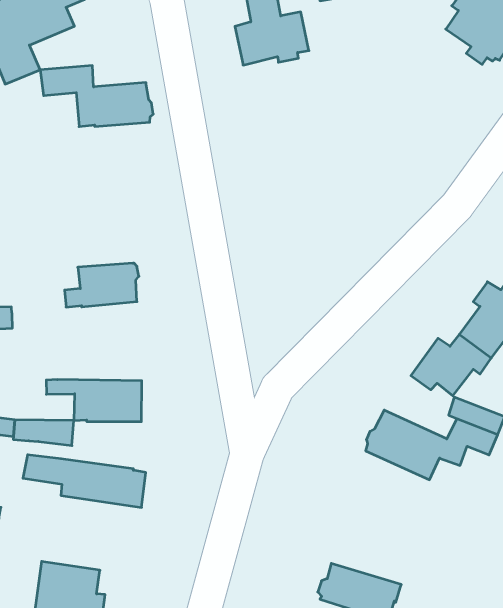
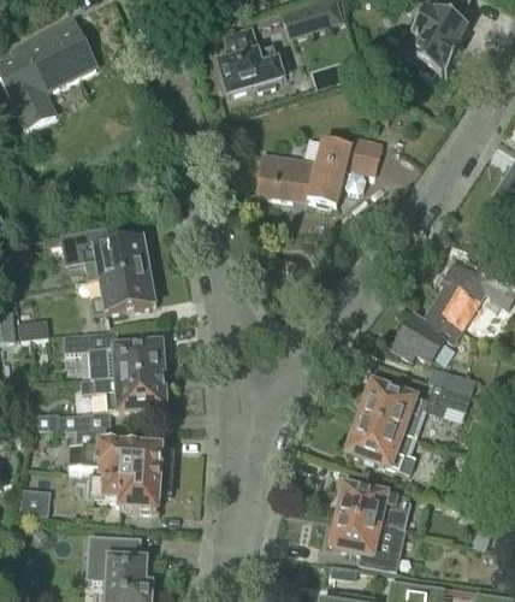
building: [40,66,153,127] -> [51,228,150,281]
building: none -> [256,138,380,207]
building: none -> [82,329,166,377]
building: none -> [347,417,416,473]
building: none -> [89,476,172,512]
building: none -> [336,483,409,529]

